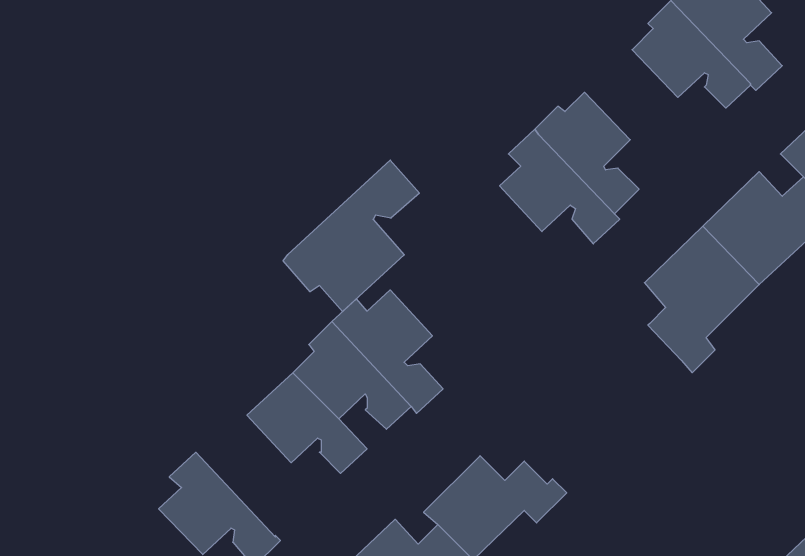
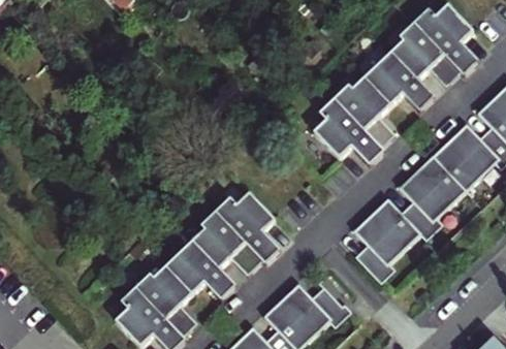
building: none -> [363,52,435,112]
building: [283,160,419,312] -> none
building: none -> [353,197,420,283]
building: none -> [136,265,197,337]

